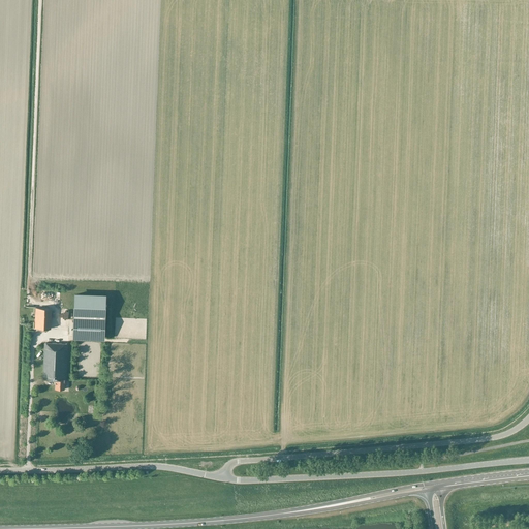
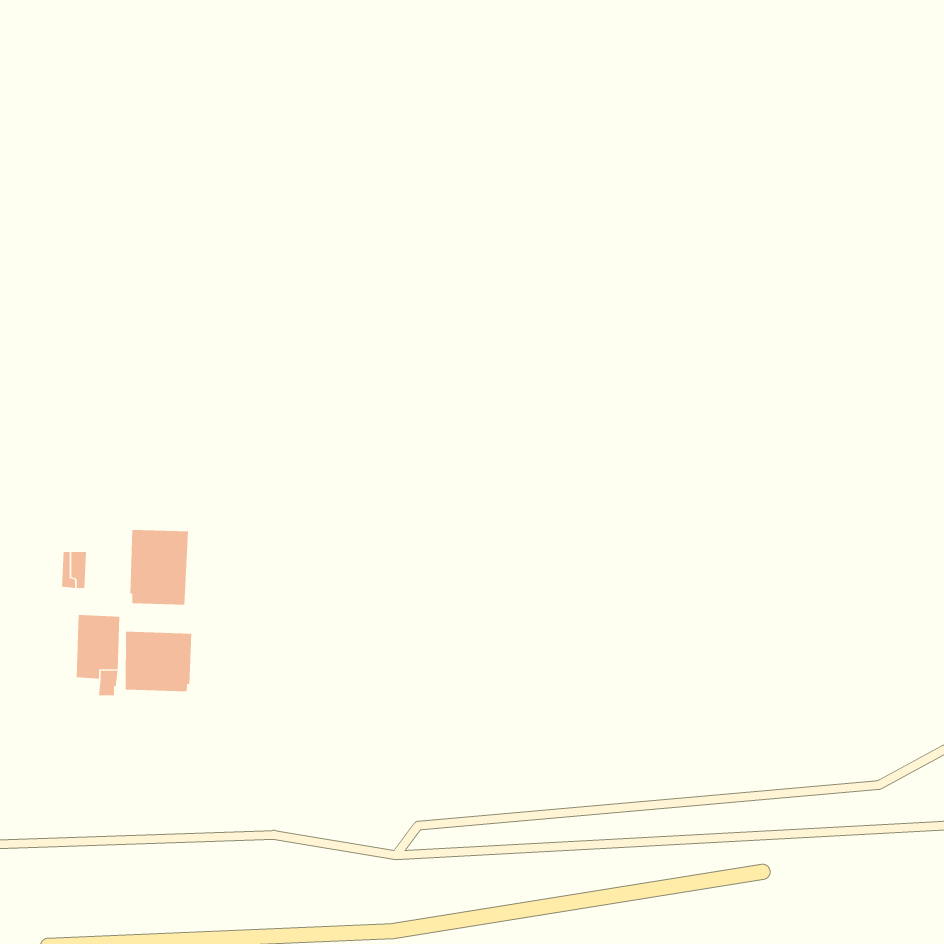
building: none -> [125,631,192,692]

